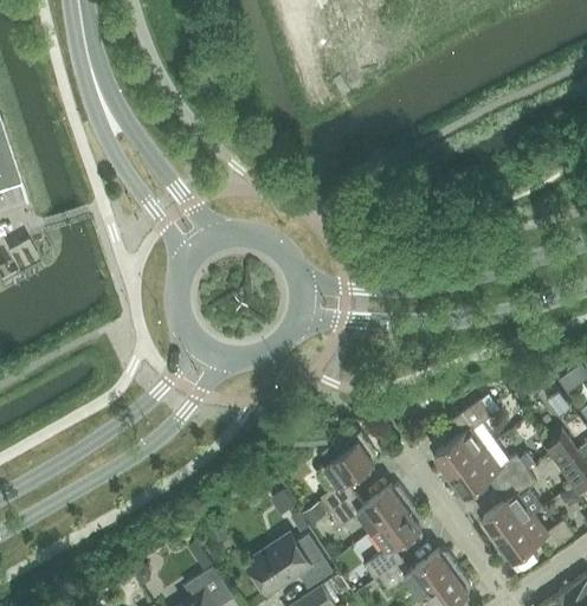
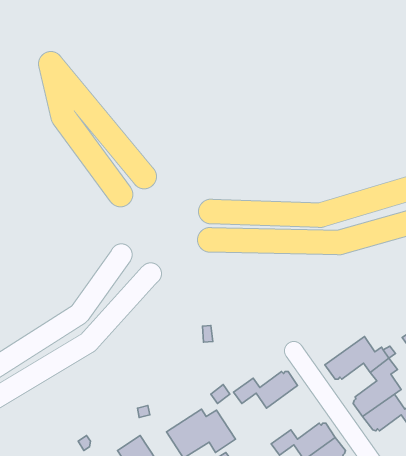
building: [433,400,495,478] -> none
building: [316,433,376,512] -> none
building: [363,504,424,580] -> none

